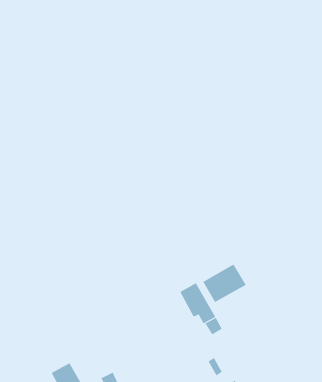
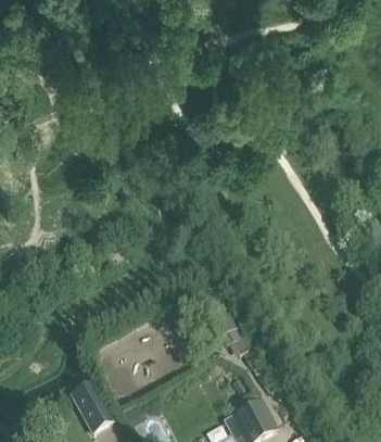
building: [203,263,246,303] -> none

